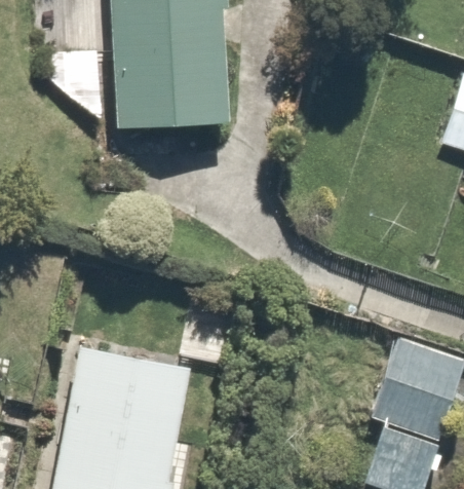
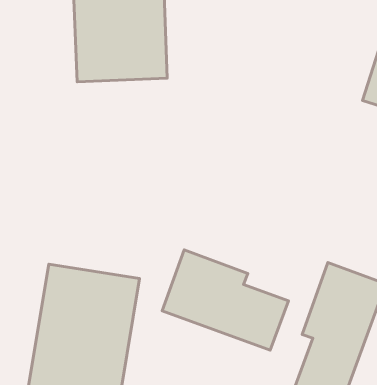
building: none -> [162,250,288,350]

